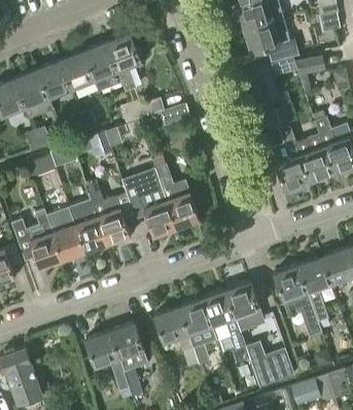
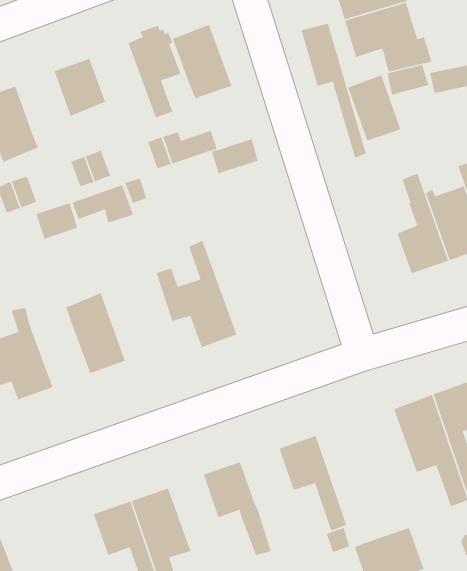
building: none -> [301,23,367,159]
building: [83,43,121,91] -> [172,24,232,99]
building: [37,61,71,99] -> none
building: [152,157,199,227] -> none
building: [85,180,129,243] -> none
building: [50,224,83,260] -> none
building: [225,281,262,346] -> none
building: [178,298,215,362] -> none

